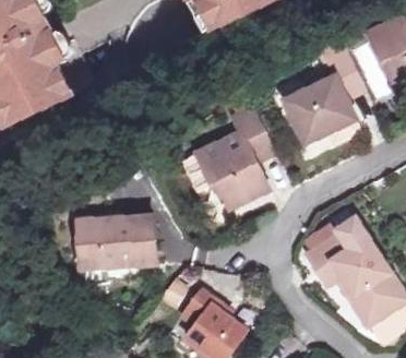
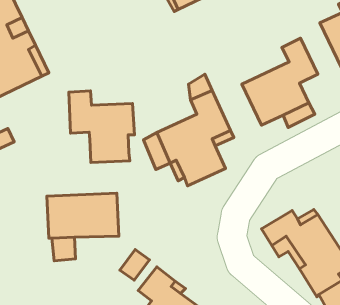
building: none -> [69,91,135,162]

